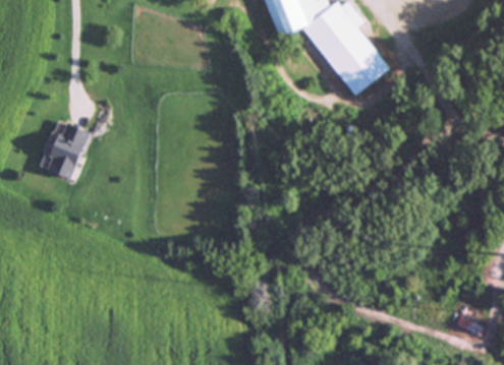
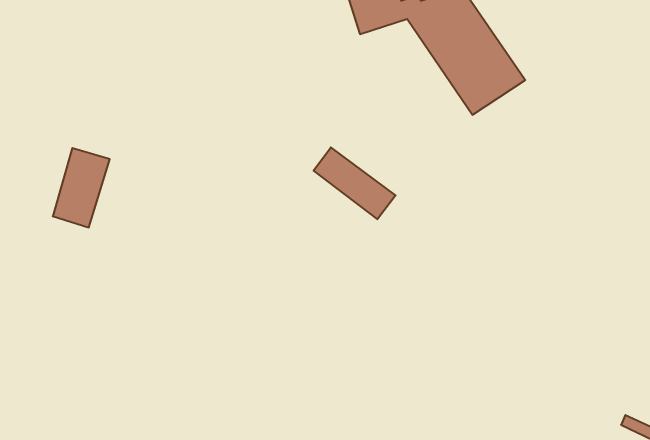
building: none -> [314,147,396,219]

